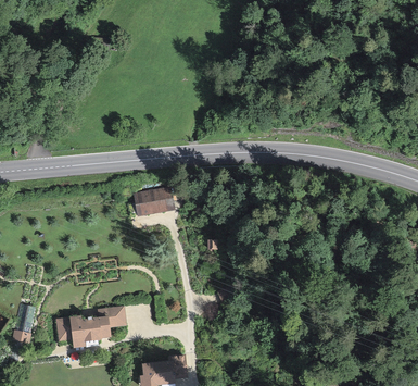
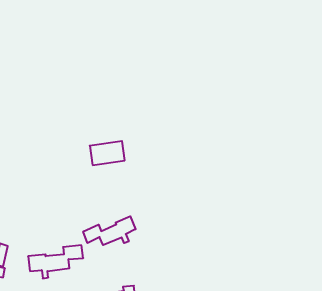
building: none -> [83,216,136,245]

